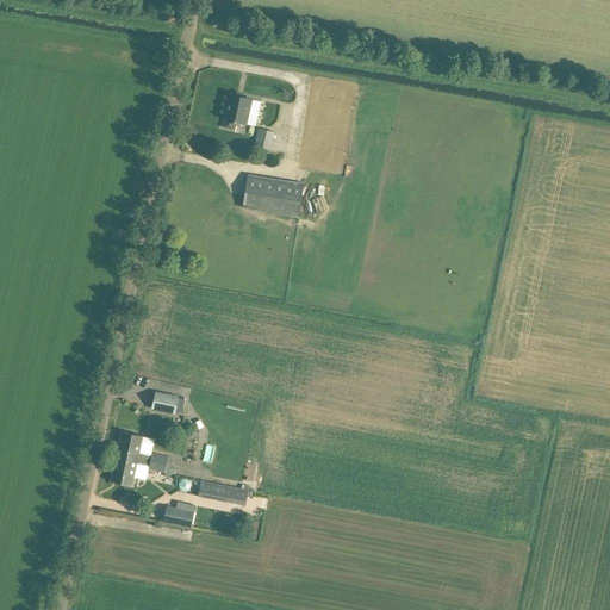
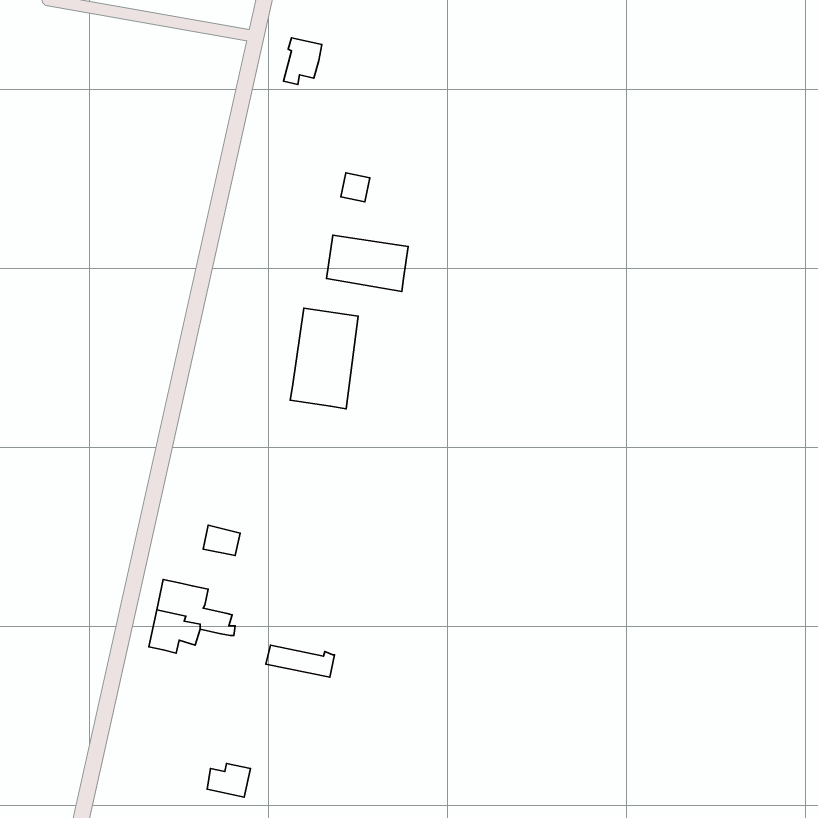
building: [223,94,251,129] -> [283,38,322,84]
building: none -> [290,308,358,409]
building: [163,502,195,527] -> [207,764,250,797]

